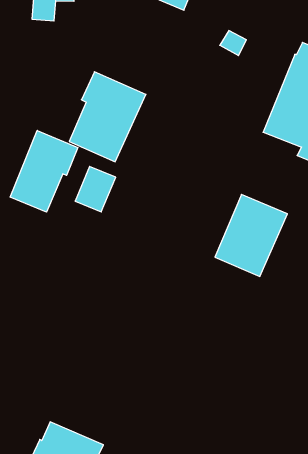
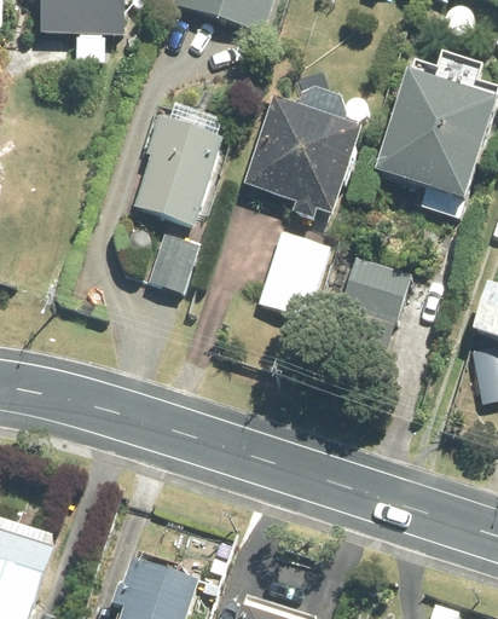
building: none -> [243,99,359,216]
building: [10,130,78,212] -> none
building: none -> [256,224,329,314]

